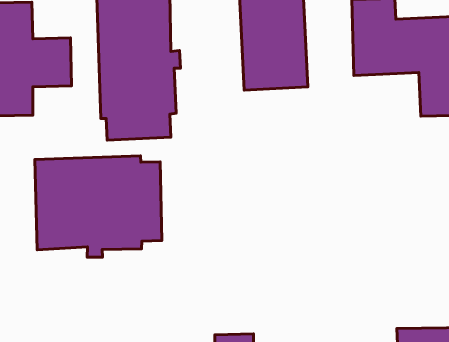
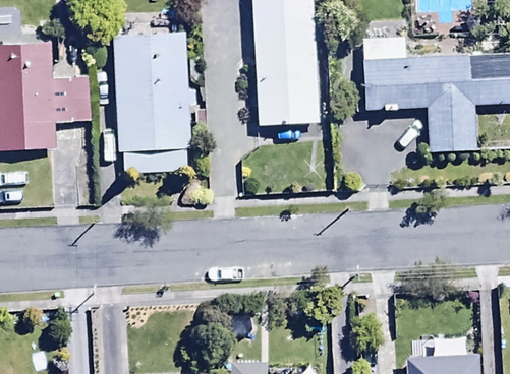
building: [35,156,162,257] -> none

